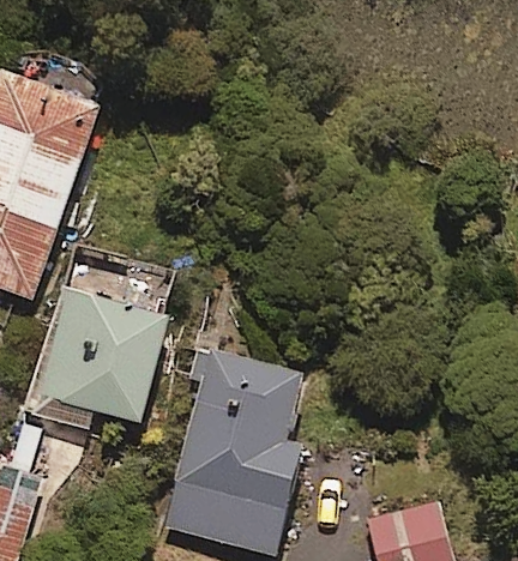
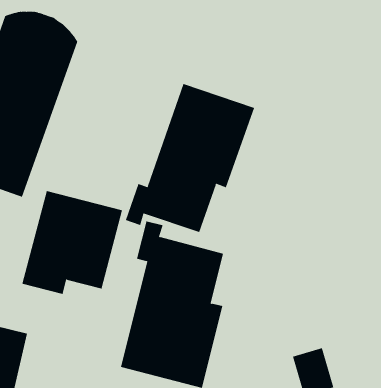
building: none -> [125,83,255,233]

